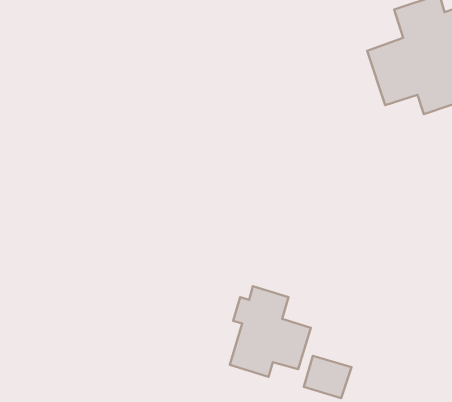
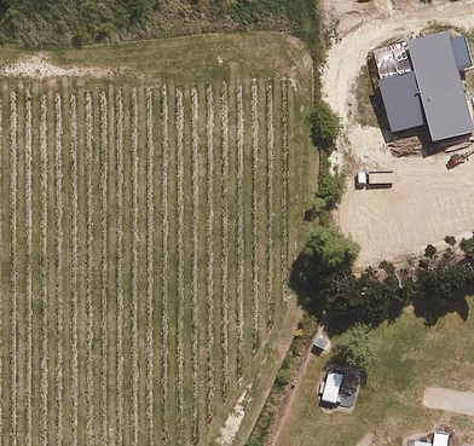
building: [230,286,311,377] -> none

